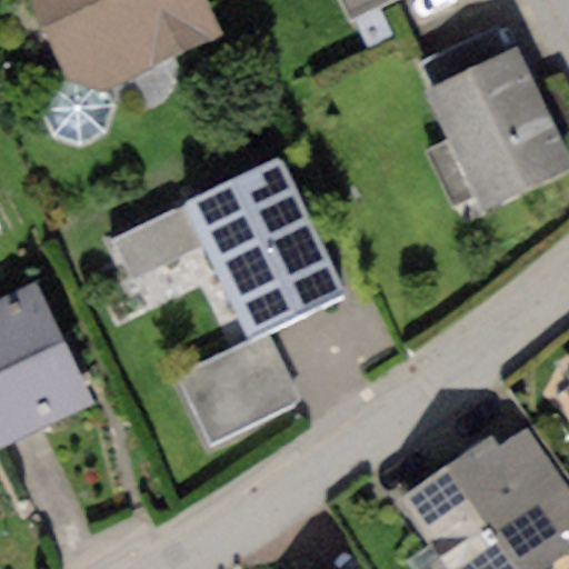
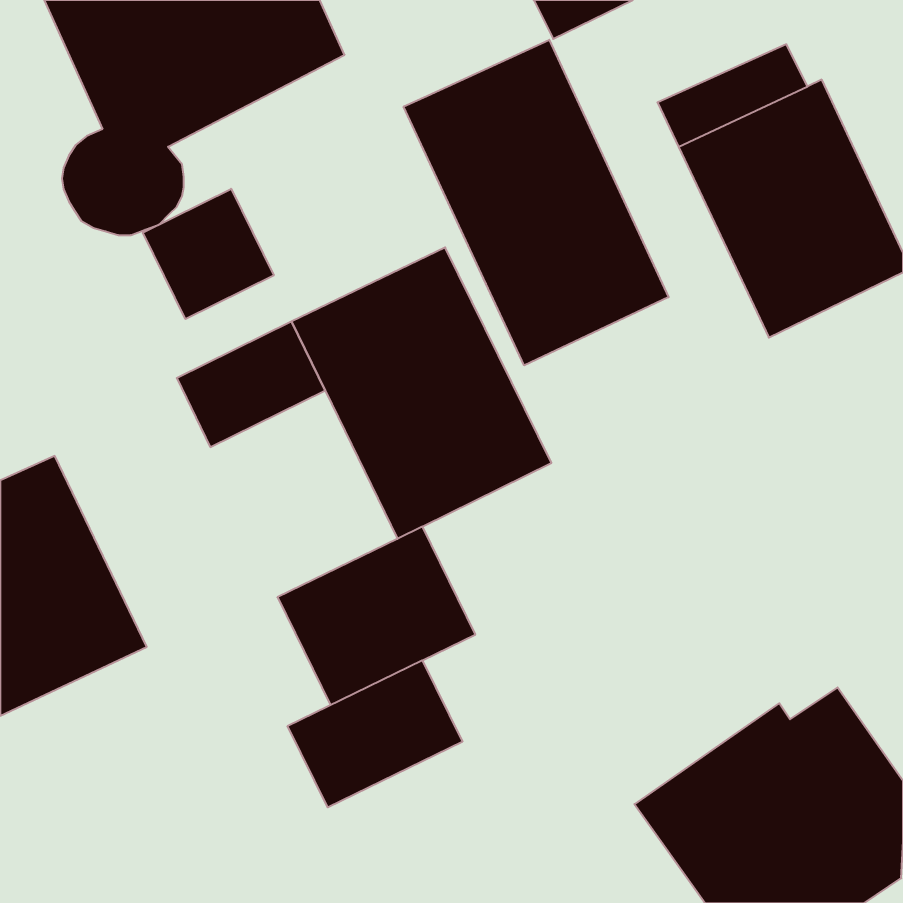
building: none -> [404,40,669,365]
building: none -> [143,189,274,319]
building: none -> [288,660,462,807]

